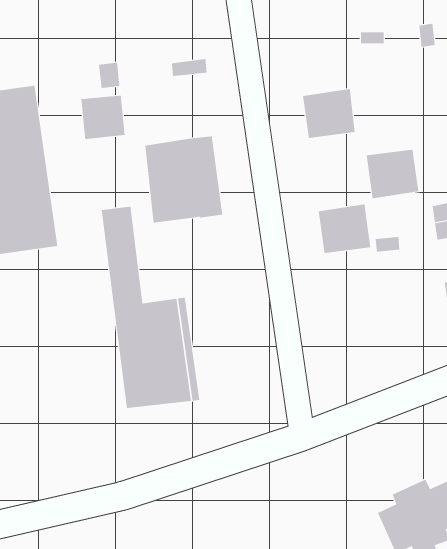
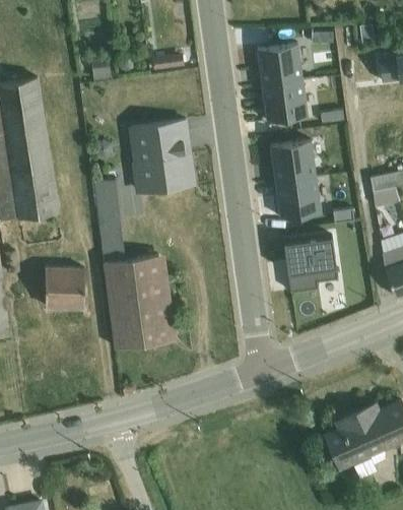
building: none -> [257,45,303,86]
building: [81,95,125,140] -> none
building: [366,149,419,199] -> [270,141,315,183]
building: none -> [283,237,337,293]
building: none -> [45,268,84,309]

